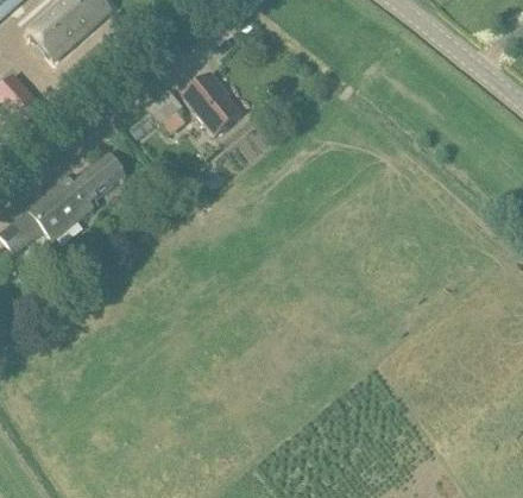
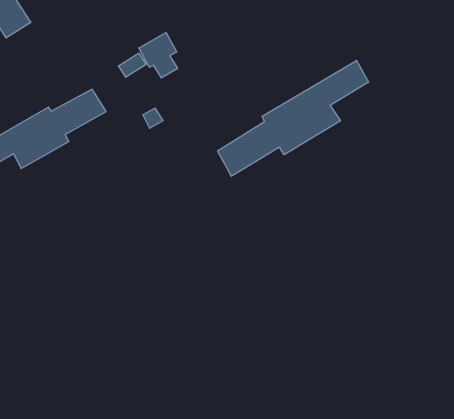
building: [183,71,241,133] -> none
building: none -> [218,60,368,176]

